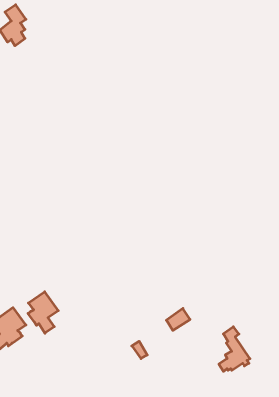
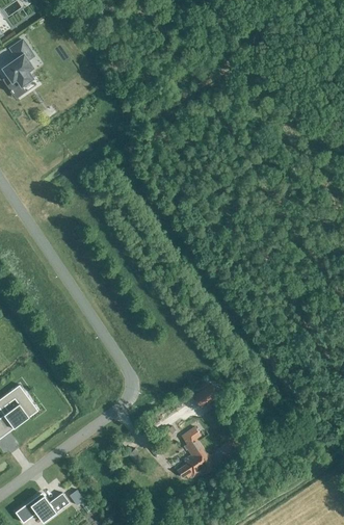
building: [28,292,58,333] -> none
building: [219,327,250,371] -> [177,428,212,479]

